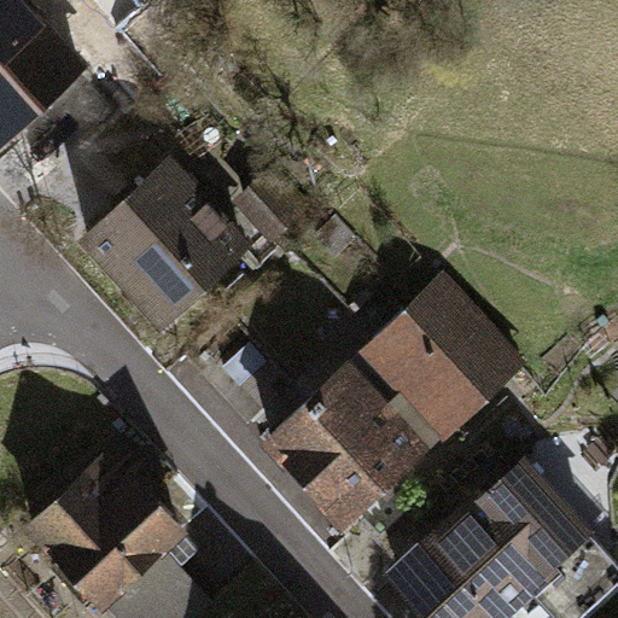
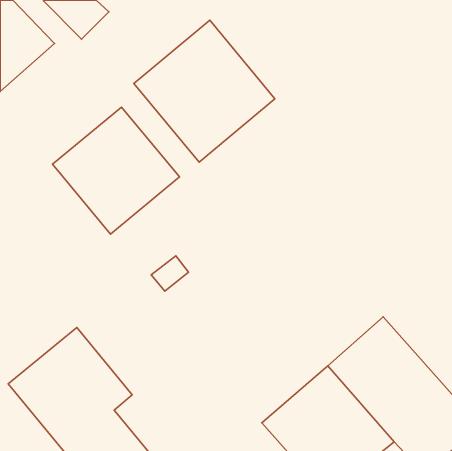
building: none -> [134,20,275,162]
building: [267,282,526,525] -> none

